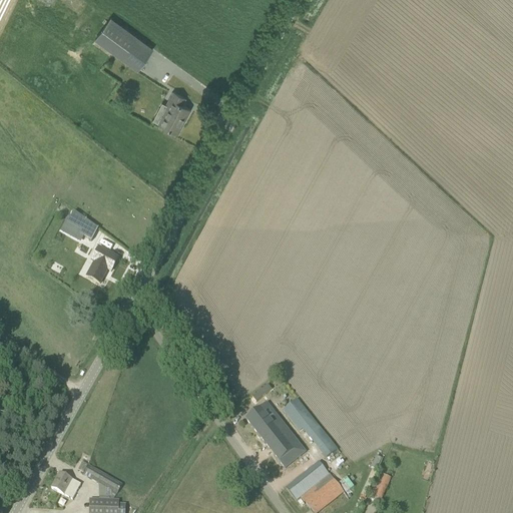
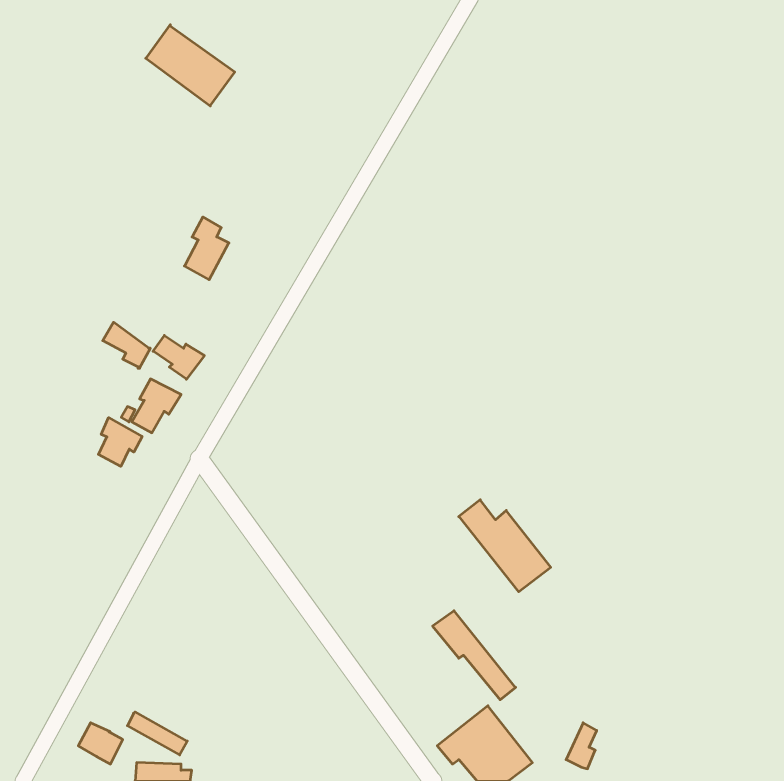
building: [161,90,190,131] -> [184,217,229,280]
building: none -> [153,335,204,379]
building: none -> [98,418,142,466]
building: [245,407,306,467] -> [459,500,551,592]

